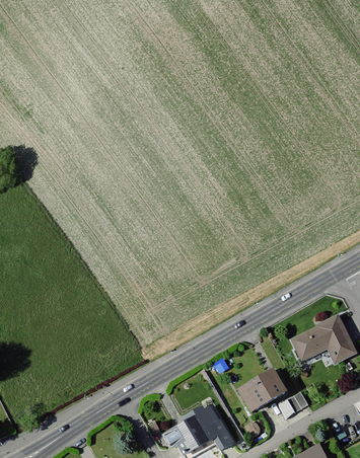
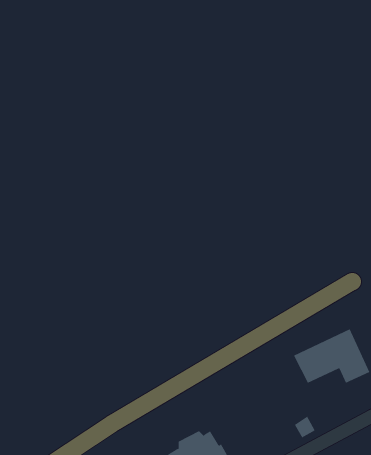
building: [236,367,288,412] -> none

